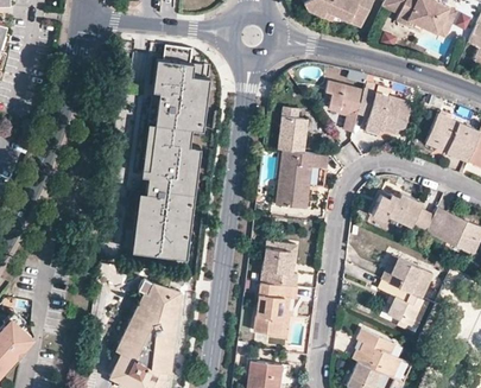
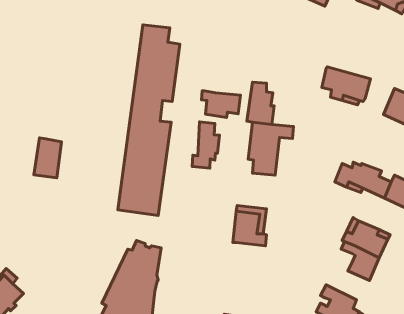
building: [324,83,362,132] -> none
building: none -> [201,91,240,117]
building: none -> [192,122,219,168]
building: none -> [34,138,62,178]
building: [253,284,297,337] -> none

